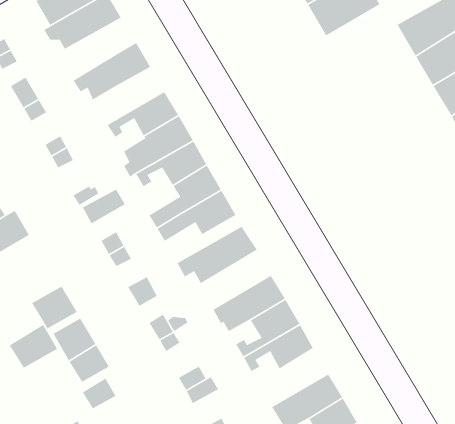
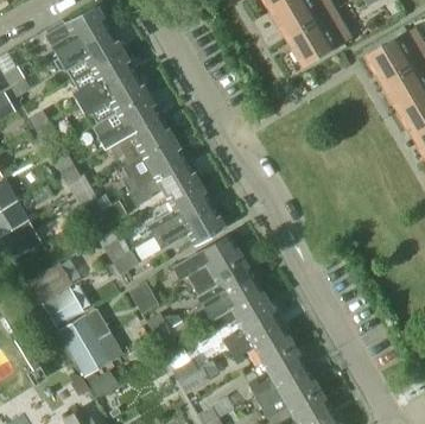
building: none -> [70,50,135,106]
building: none -> [91,94,160,150]
building: none -> [192,257,255,310]
building: [9,324,58,369] -> [28,261,72,302]
building: none -> [249,344,306,397]

